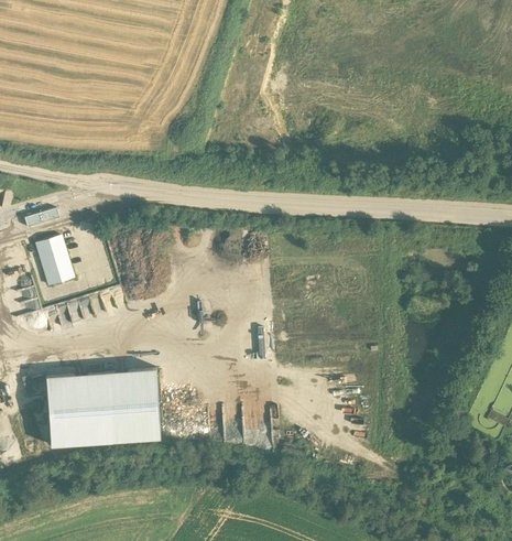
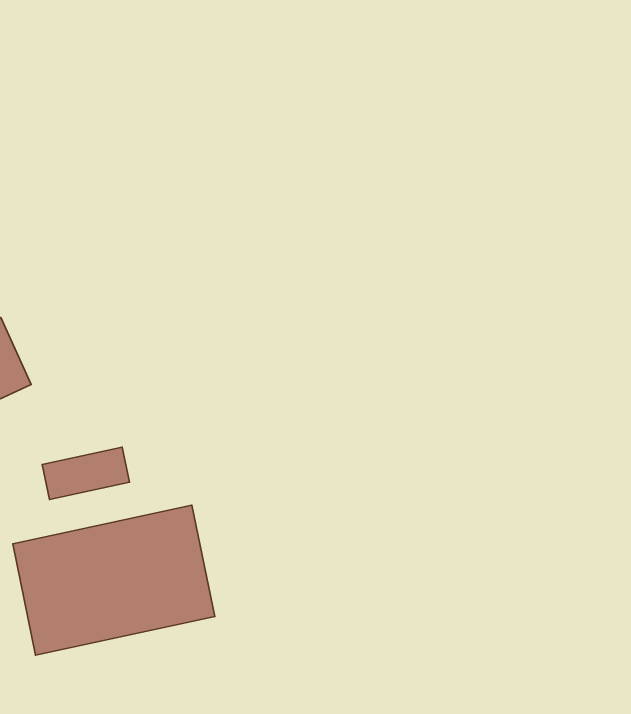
building: none -> [42,447,130,499]

